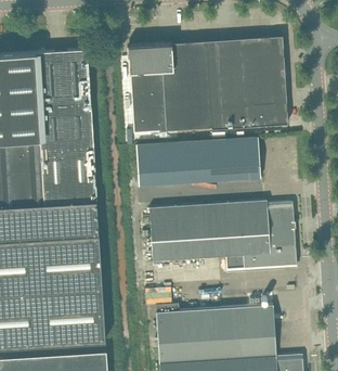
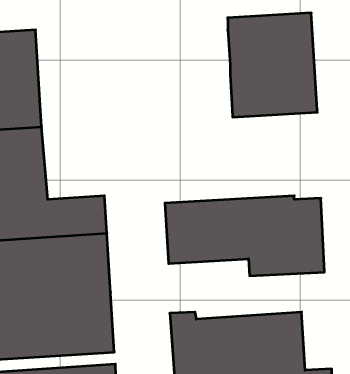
building: [127,41,211,133] -> none
building: [35,50,96,204] -> none
building: [138,139,260,187] -> none

